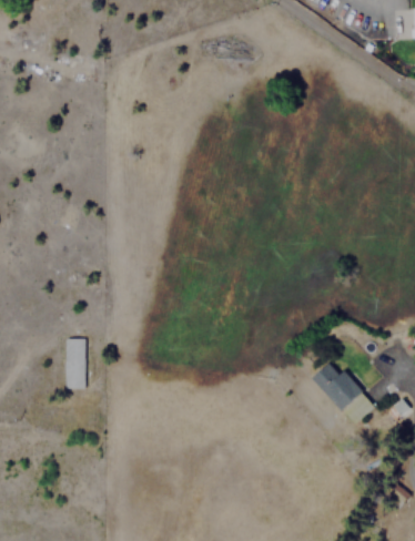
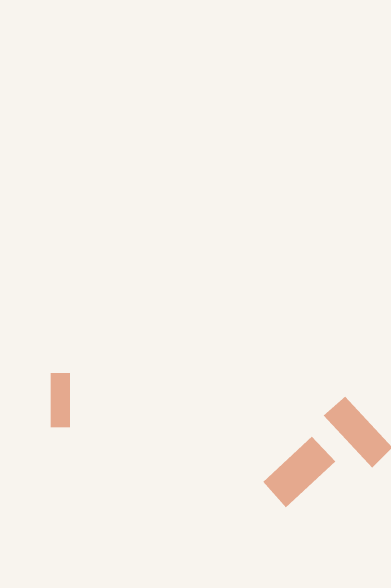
building: none -> [263,436,336,508]

